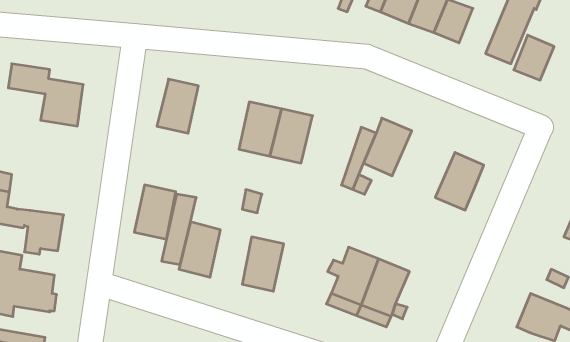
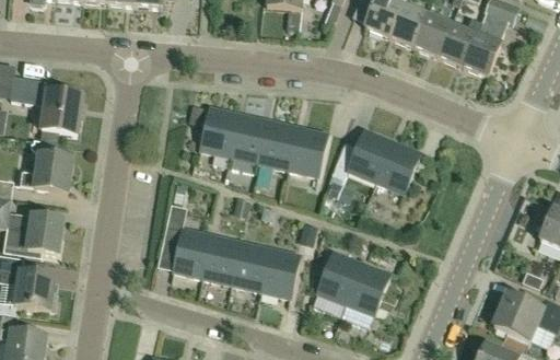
building: [514,35,554,80] -> [438,23,476,66]
building: [157,79,198,133] -> [199,105,238,156]
building: none -> [288,125,327,176]
building: none -> [19,139,72,193]
building: [435,152,484,210] -> [374,139,420,194]
building: [134,185,176,239] -> [201,233,241,284]
building: none -> [261,246,300,298]

